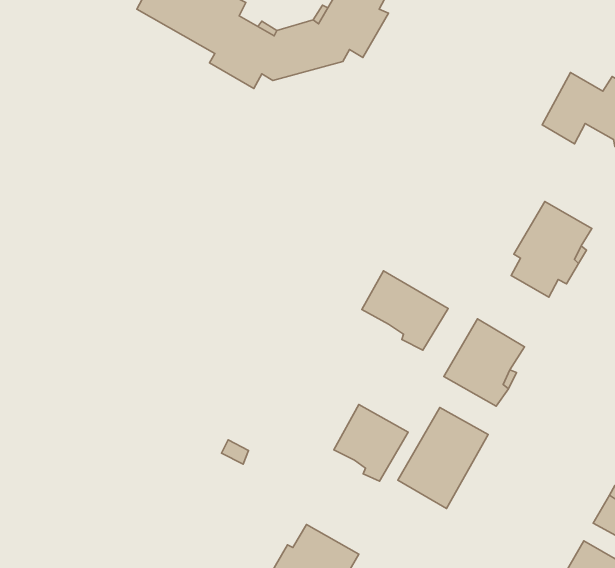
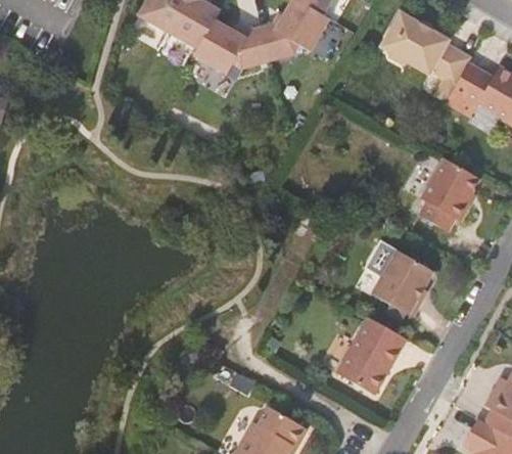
building: none -> [380,12,470,102]
building: [362,271,448,350] -> none
building: [334,404,408,481] -> none

